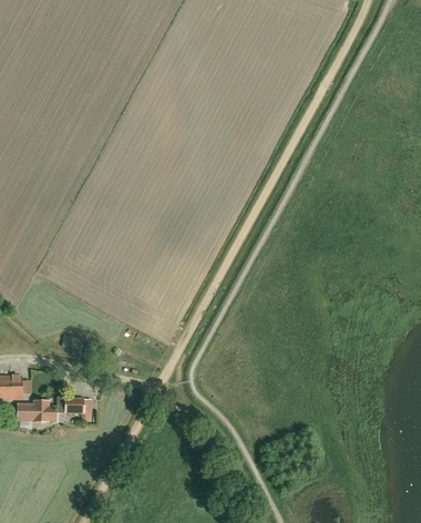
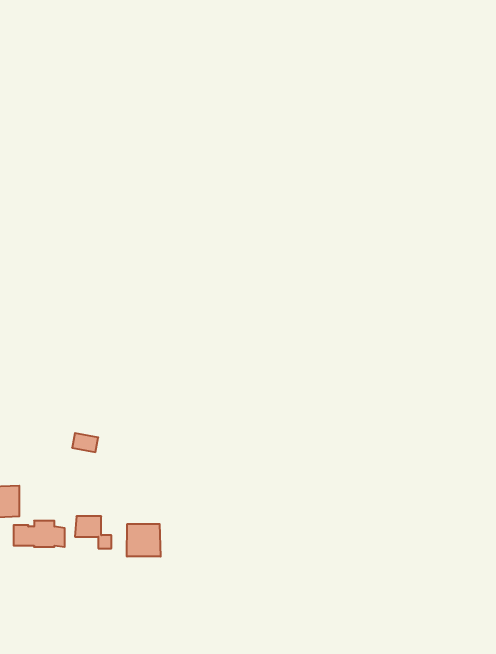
building: none -> [127,524,161,557]

